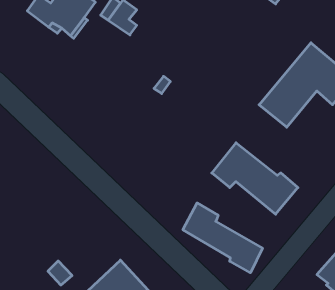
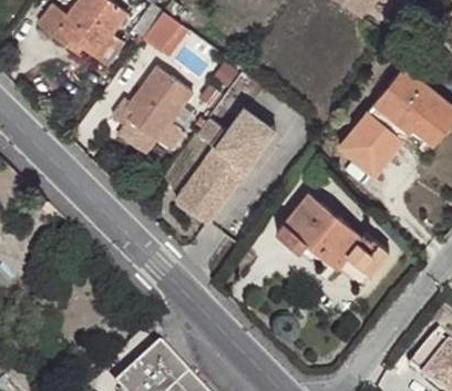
building: none -> [113,66,193,140]
building: none -> [178,105,277,220]
building: [183,203,262,273] -> none

